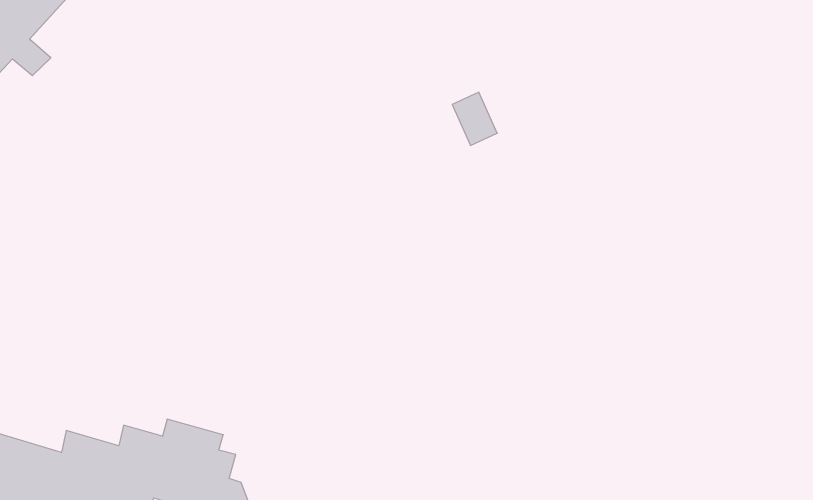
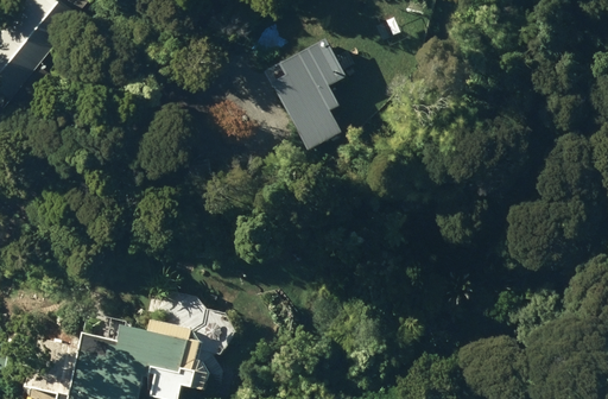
building: none -> [277,40,349,157]

